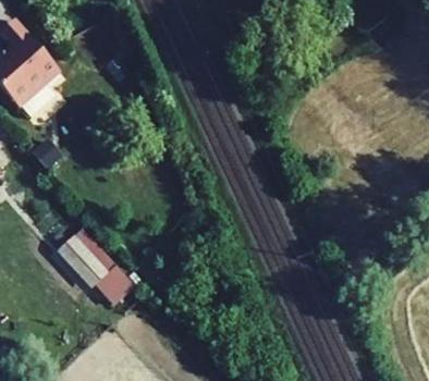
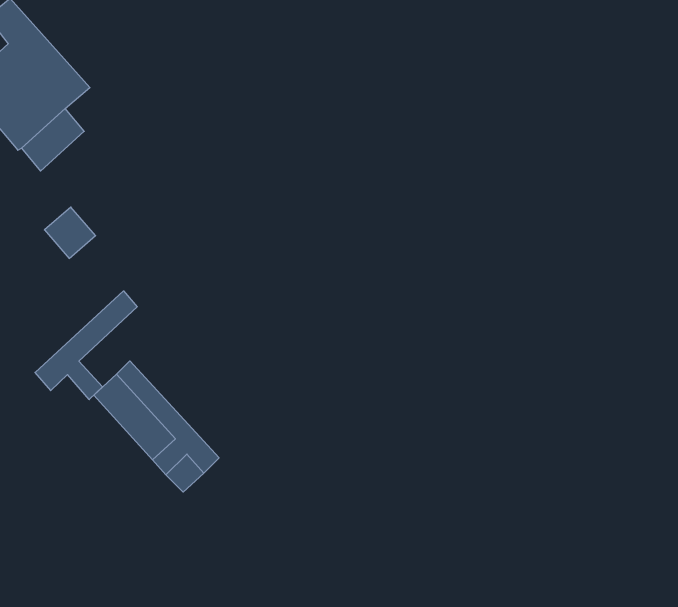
building: none -> [35,291,137,400]

